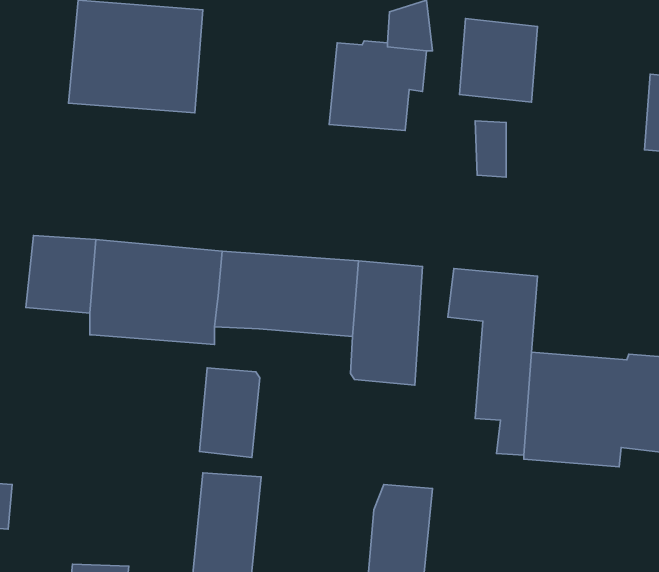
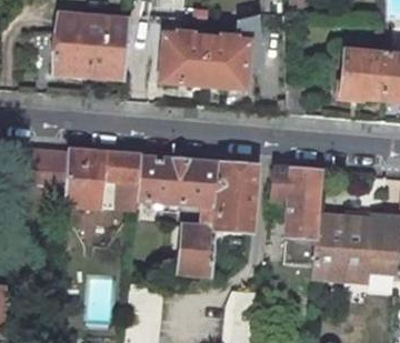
building: [460,19,537,102] -> [341,50,386,98]
building: none -> [153,31,207,83]
building: [199,368,260,457] -> [182,223,217,274]

